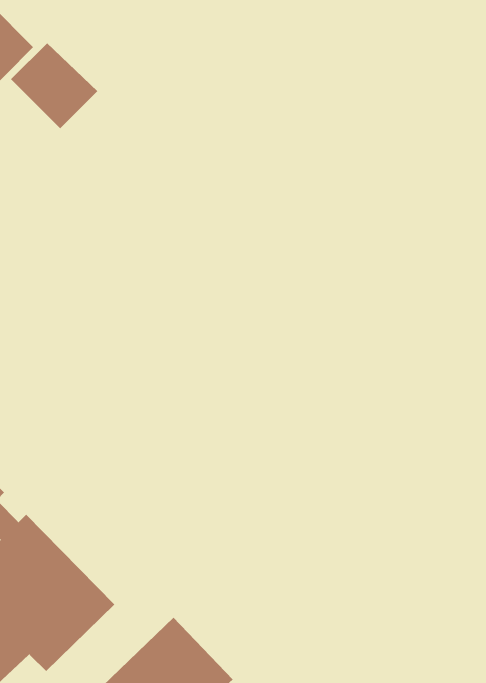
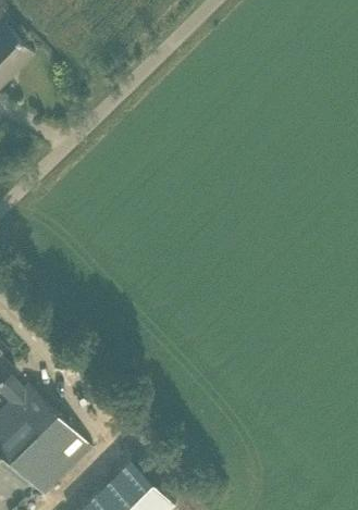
building: [10,42,98,129] -> none

